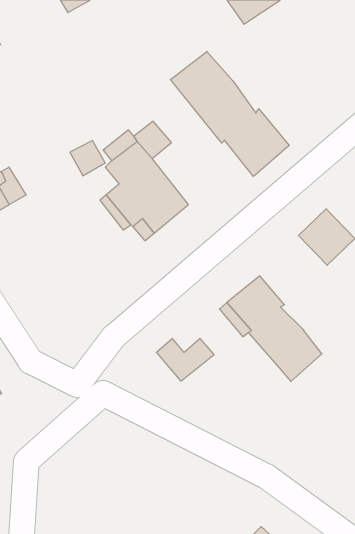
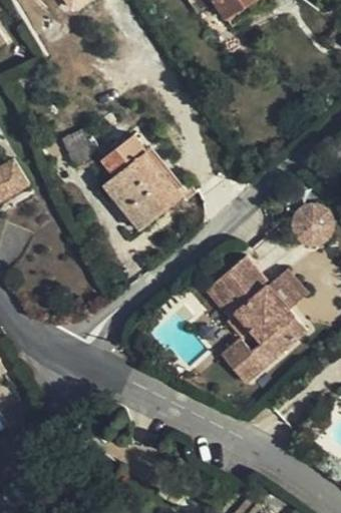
building: [170,51,289,176] -> none
building: none -> [265,272,306,311]
building: [156,338,214,381] -> [221,345,275,385]

